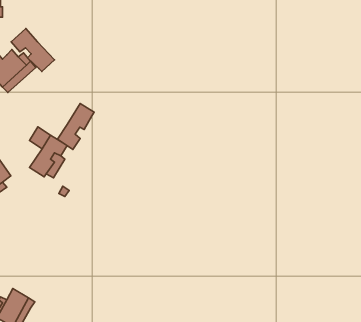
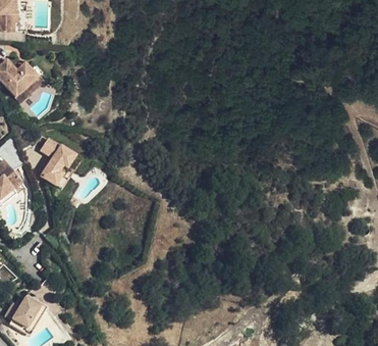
building: [11,29,54,72] -> none
building: [57,103,94,149] -> none

